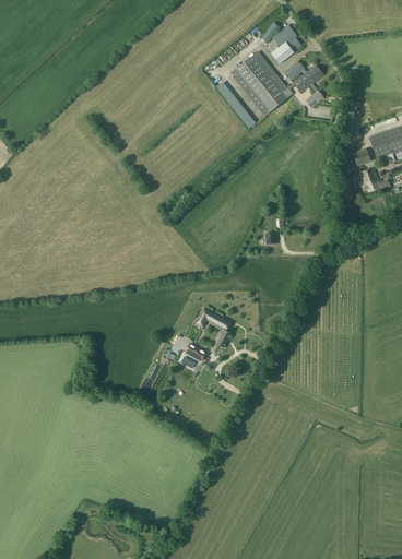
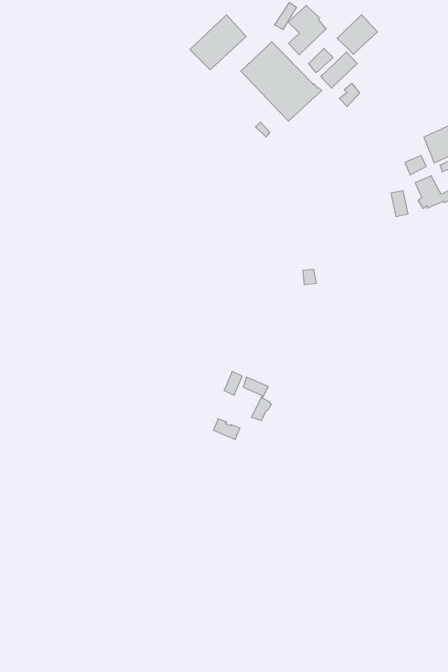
building: none -> [190,15,246,70]
building: none -> [337,15,377,54]

